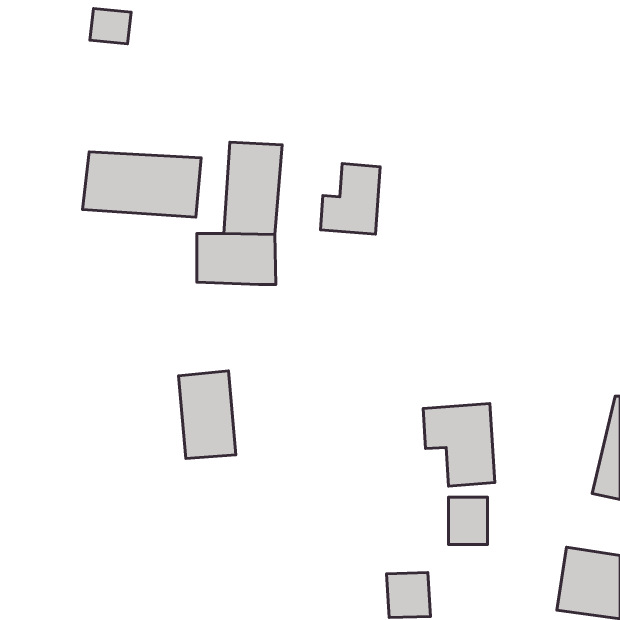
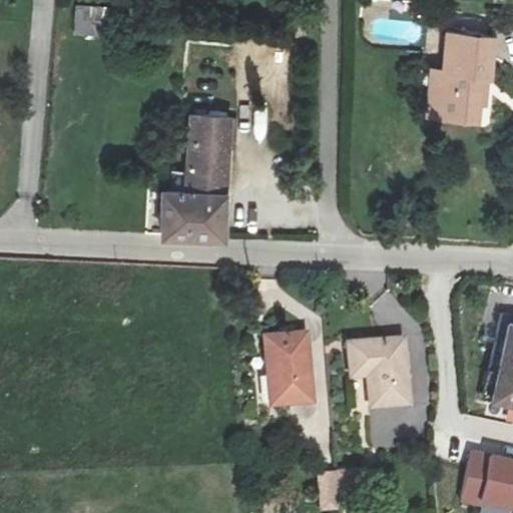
building: none -> [441,40,495,127]
building: [82,152,201,217] -> none
building: [321,163,380,234] -> none
building: [179,371,236,458] -> [265,332,312,404]

